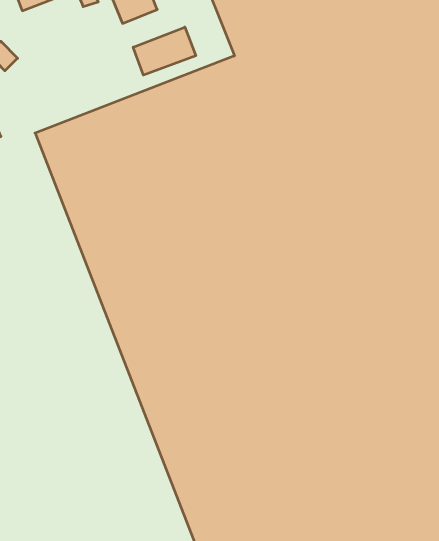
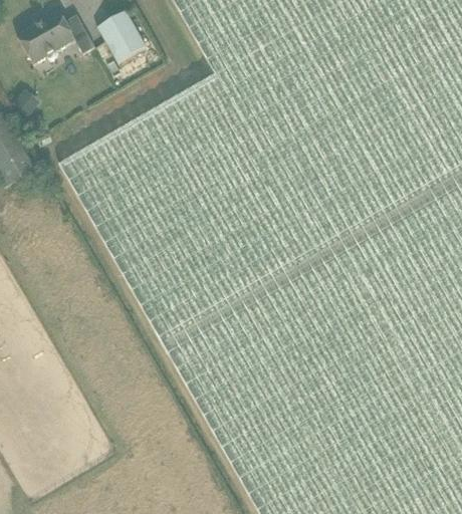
building: [133,27,196,75] -> none

